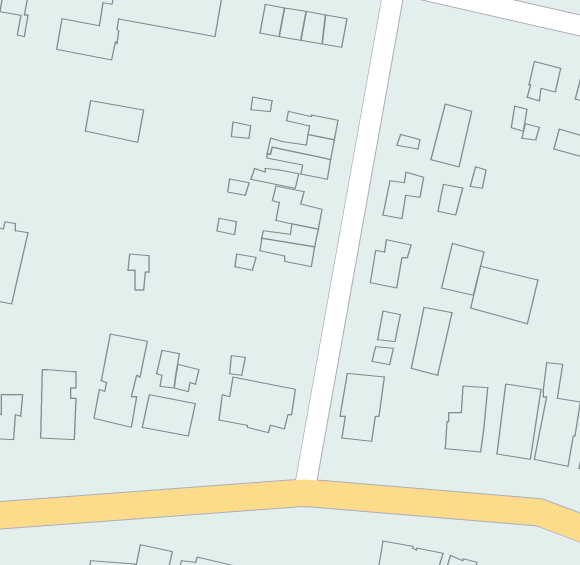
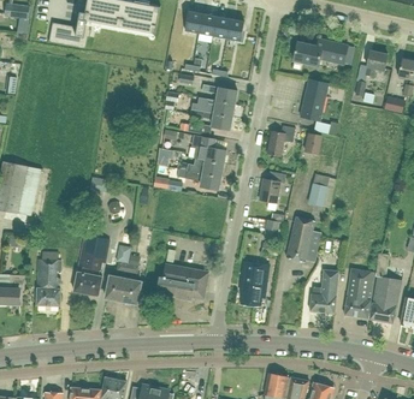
building: none -> [291,40,348,71]
building: [86,101,144,142] -> none
building: [471,266,538,324] -> none

